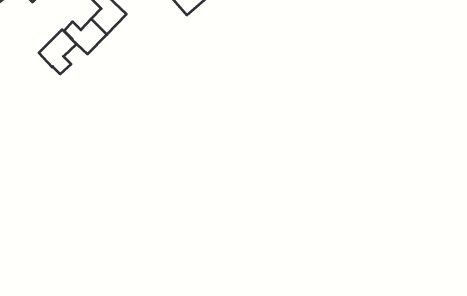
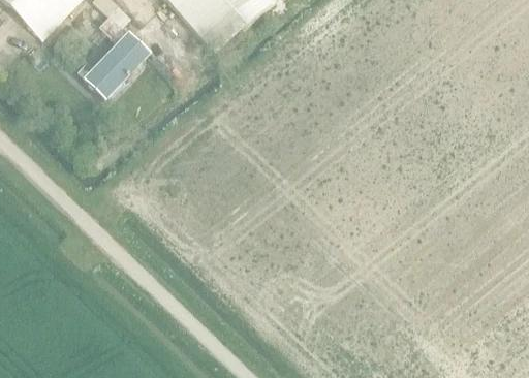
building: [39,30,77,74] -> none

